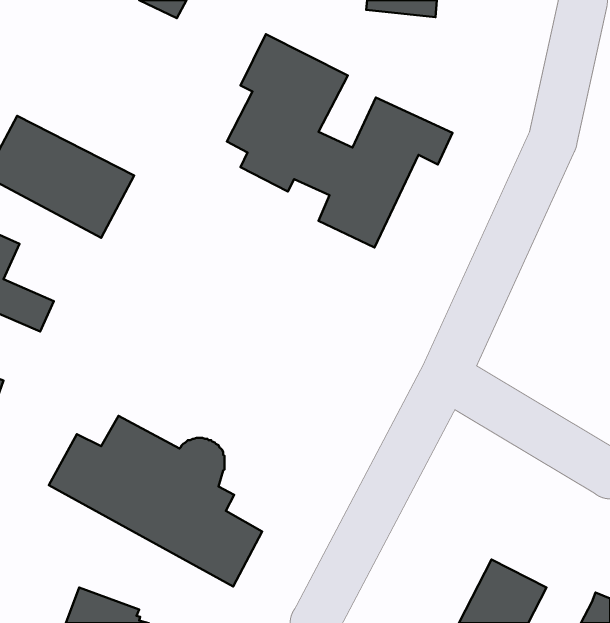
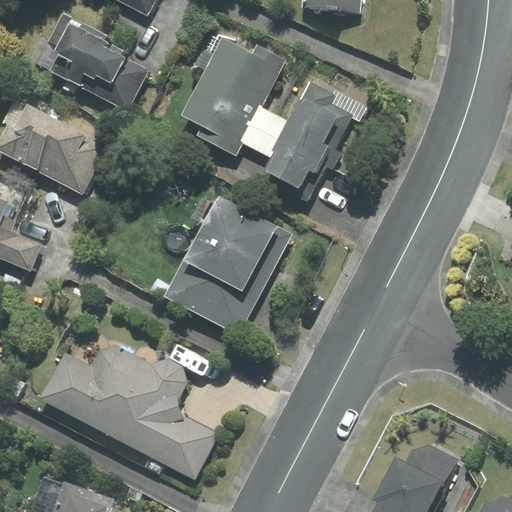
building: none -> [45,14,144,111]
building: none -> [165,197,290,335]

